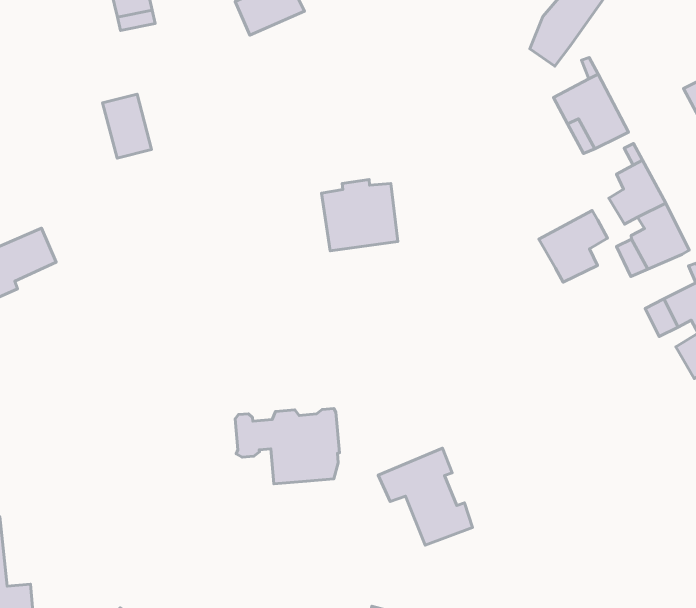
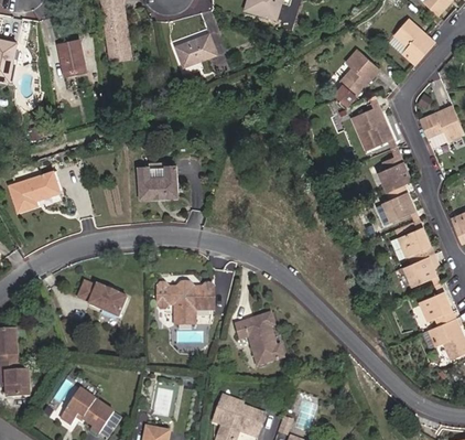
building: [103,94,151,158] -> [56,45,82,81]
building: [322,179,398,251] -> [139,161,180,200]
building: [539,210,607,282] -> none
building: none -> [76,279,126,315]

